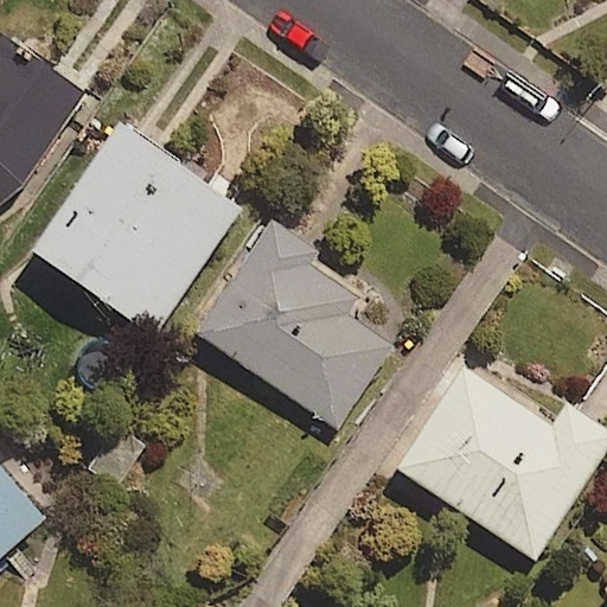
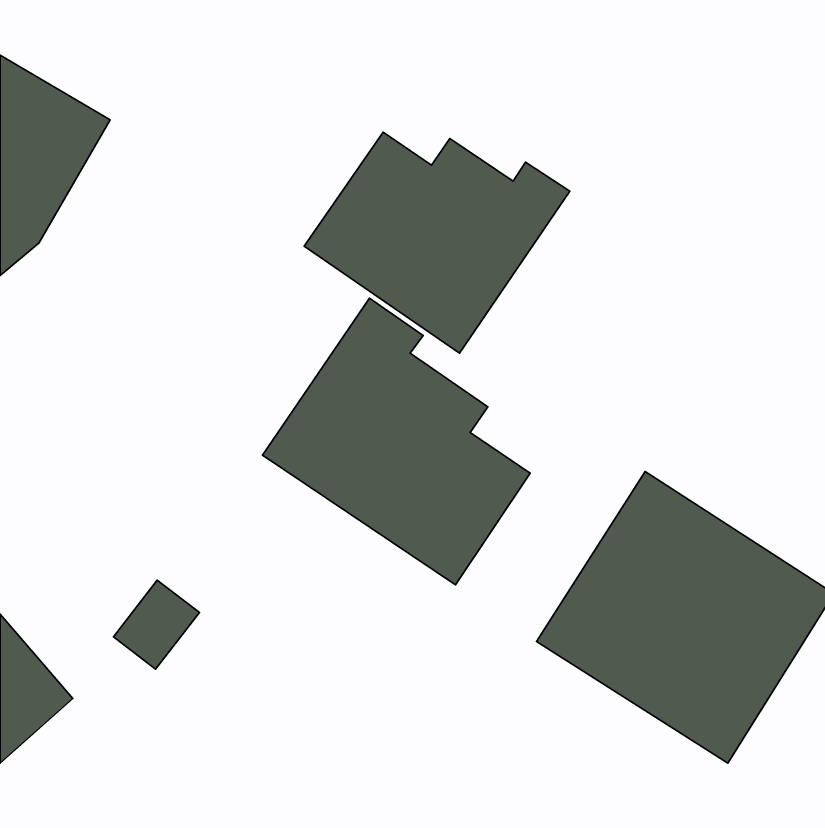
building: none -> [304,132,570,353]
building: [28,126,238,336] -> none

